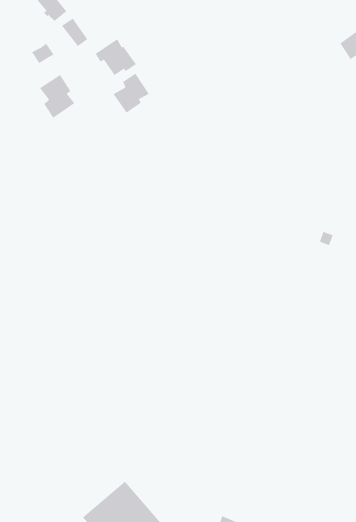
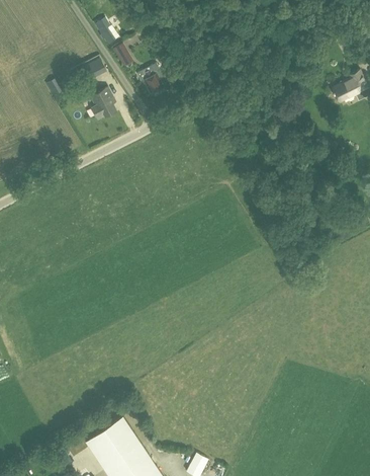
building: [113,73,149,114] -> none

